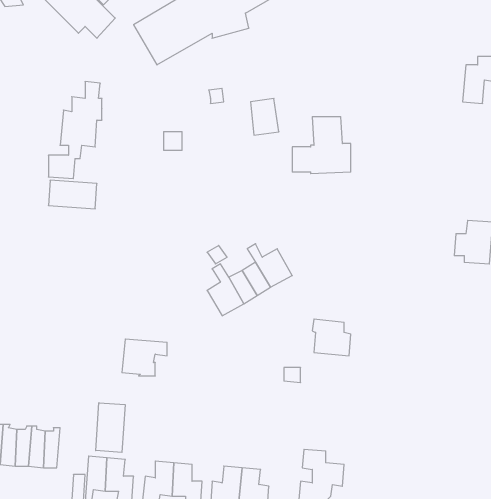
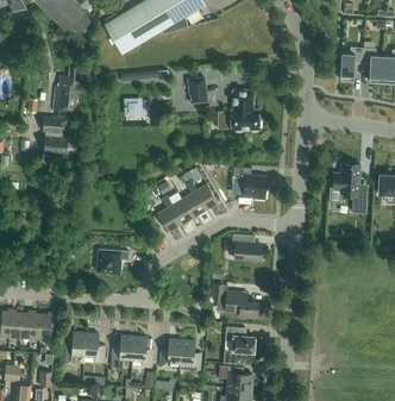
building: none -> [232,165,267,199]
building: none -> [212,283,257,317]
building: [96,403,125,452] -> none

